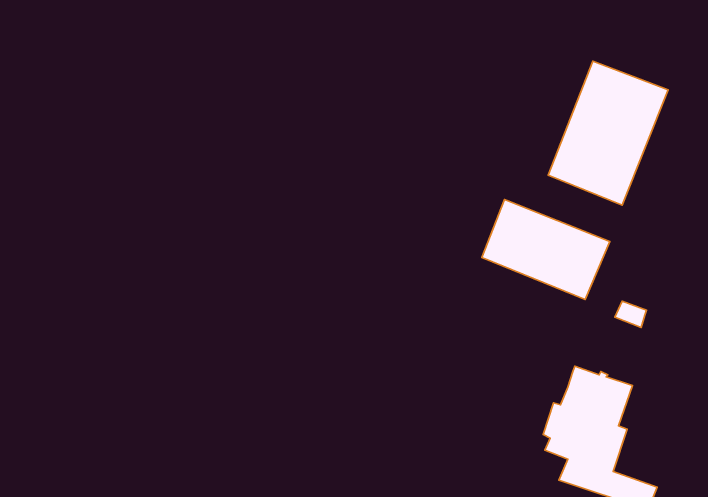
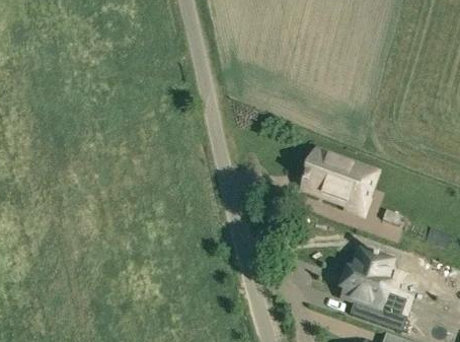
building: [548,61,668,205] -> none

